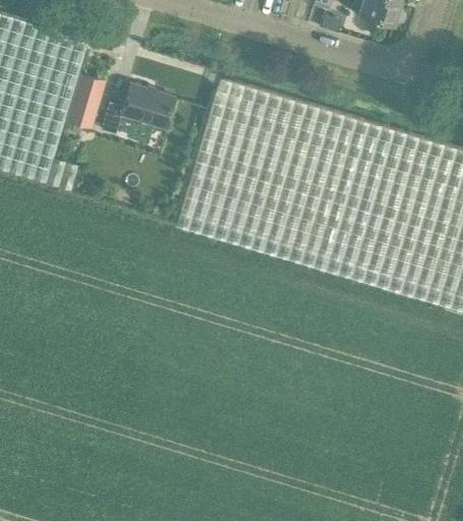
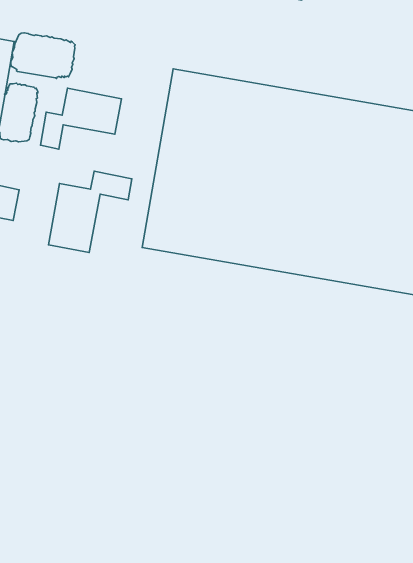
building: none -> [11,33,75,78]
building: none -> [49,171,132,252]

